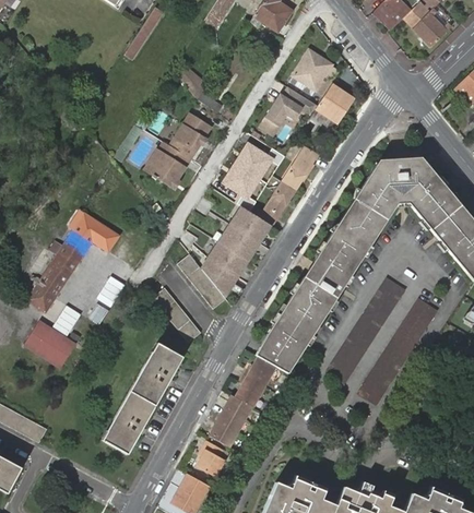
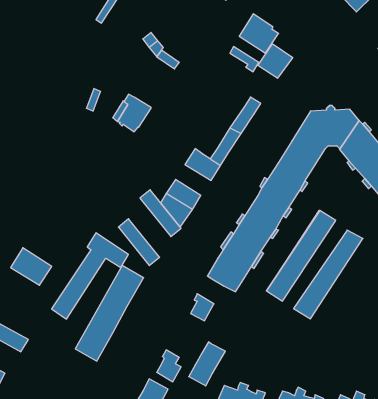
building: [259,93,304,135] -> none
building: [171,114,211,157] -> none
building: [225,139,277,198] -> none
building: [28,210,118,310] -> [52,233,128,319]
building: [220,224,261,260] -> none
building: [245,356,276,386] -> none
building: [211,395,253,446] -> [189,342,225,386]

